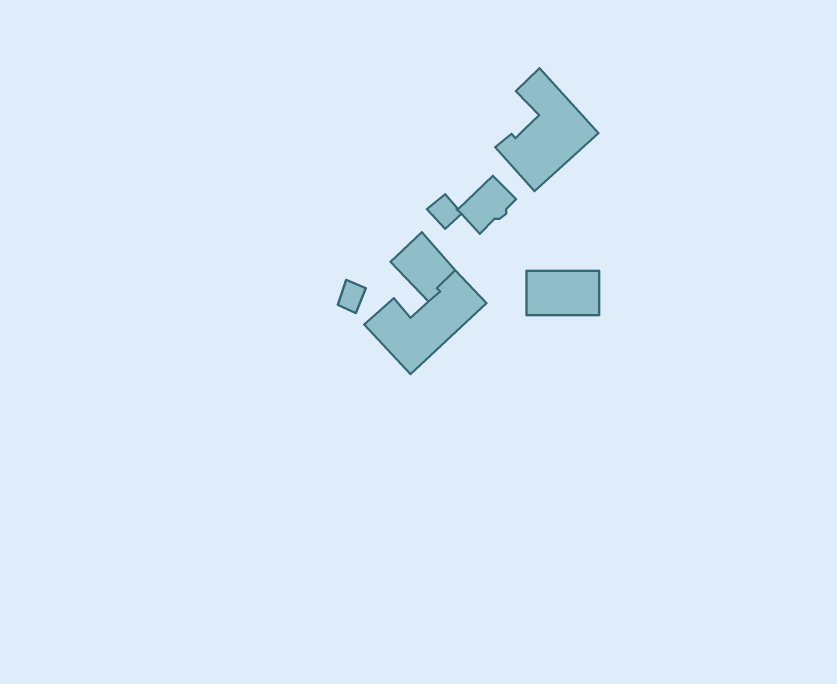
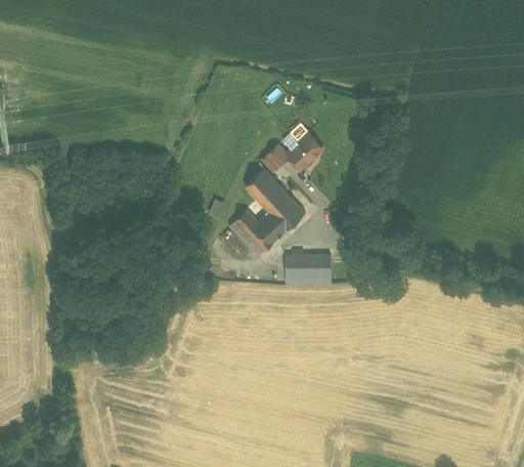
building: [495,68,599,191] -> none
building: [526,271,599,315] -> [286,255,331,283]

